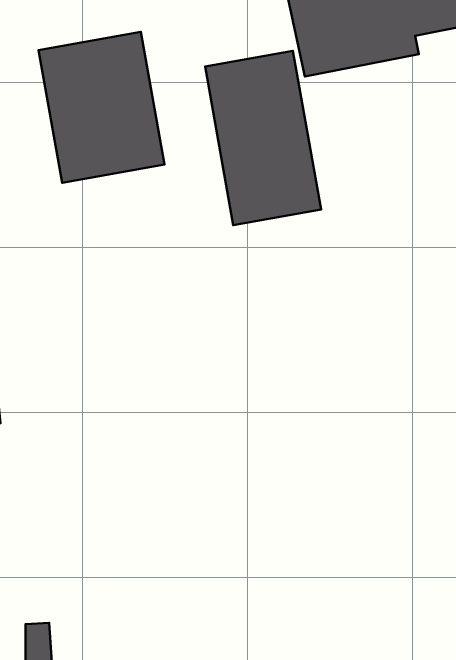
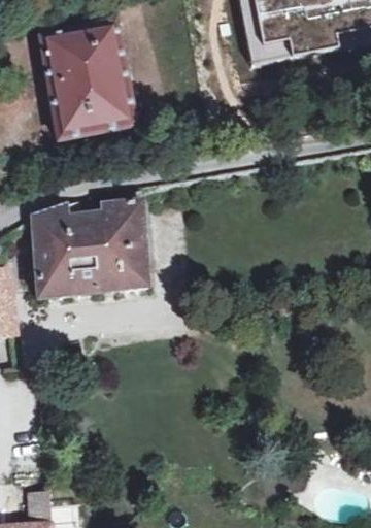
building: [205,51,321,225] -> none
building: none -> [32,197,147,296]

